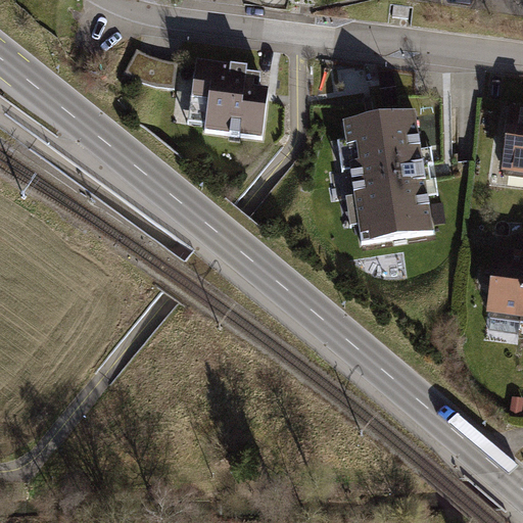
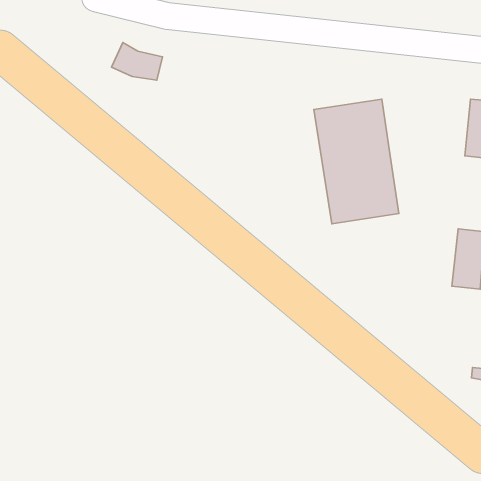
building: [186,57,270,137] -> none

